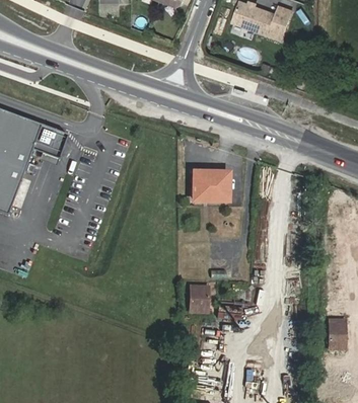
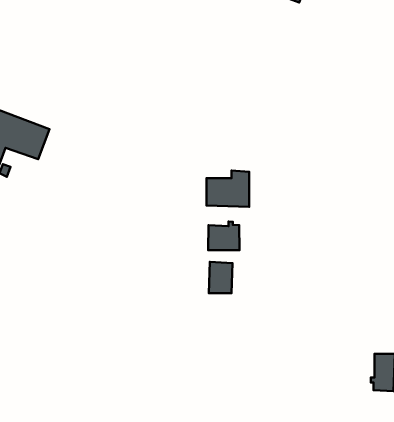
building: none -> [208,222,240,250]
building: [189,287,208,312] -> [209,262,233,293]

